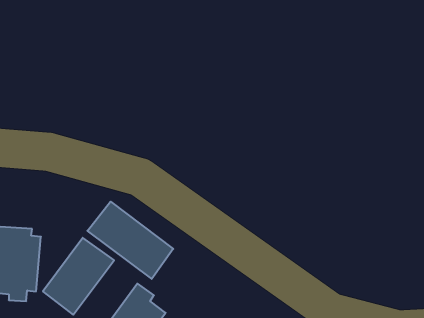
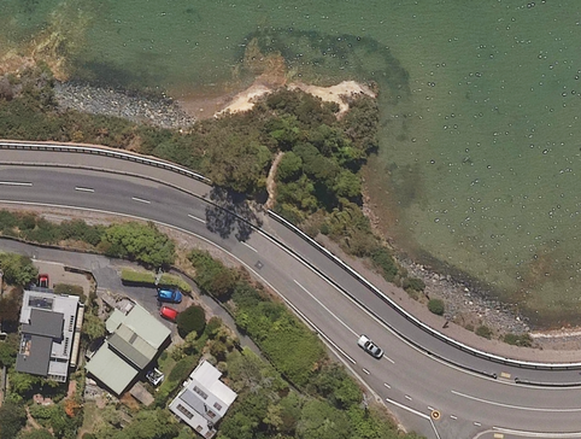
building: [87,202,173,279] -> none

